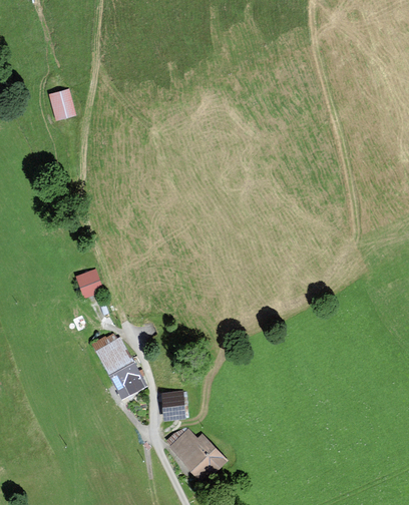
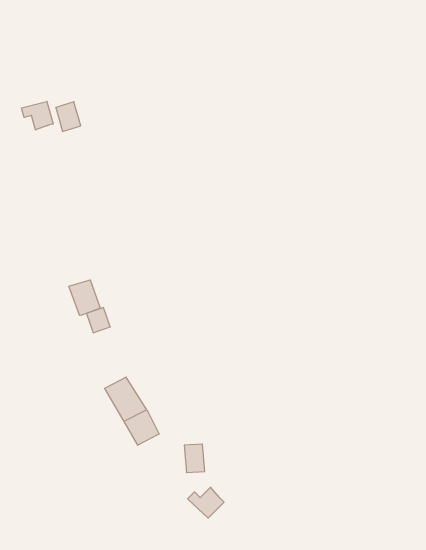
building: none -> [22,101,53,130]
building: none -> [69,280,100,315]
building: [184,434,223,477] -> none

